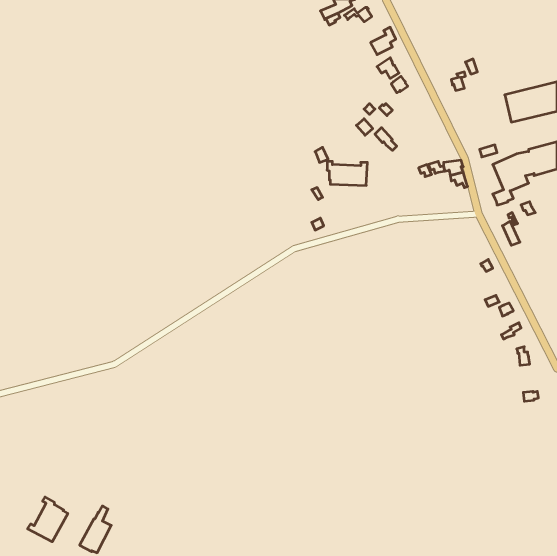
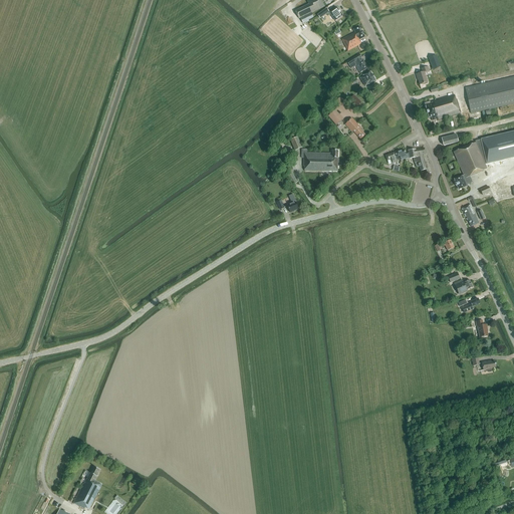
building: none -> [425,94,461,119]
building: [28,497,68,542] -> none

